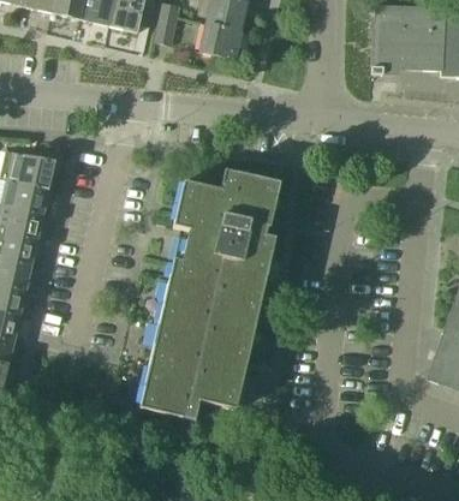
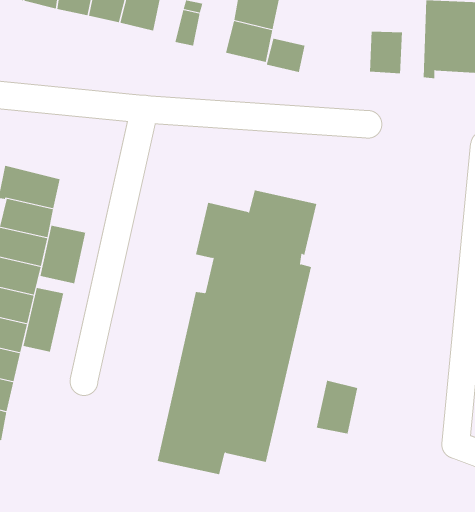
building: none -> [370,31,402,74]
building: none -> [266,38,305,73]
building: none -> [40,225,86,284]
building: none -> [23,287,64,352]
building: none -> [316,380,358,435]

